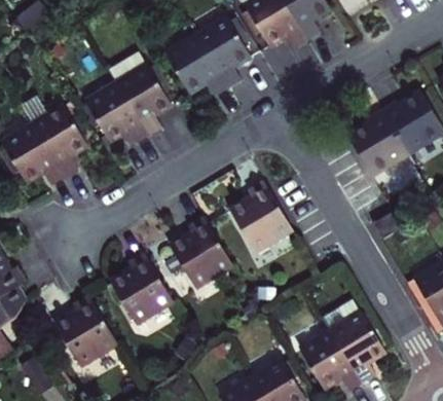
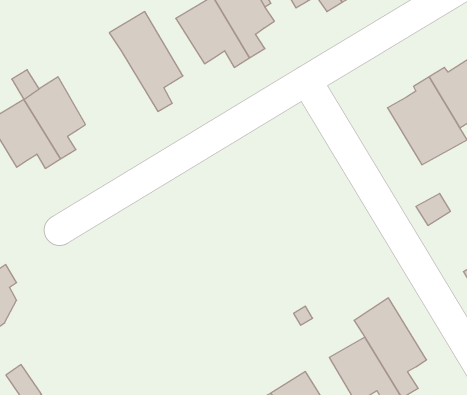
building: [87,82,150,144] -> none
building: [229,183,292,255] -> none
building: [171,220,232,291] -> none
building: [110,256,172,328] -> none
building: [53,295,116,367] -> none

